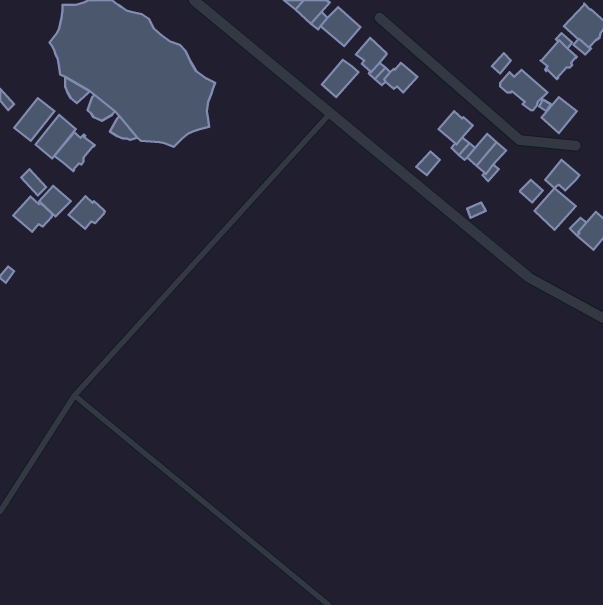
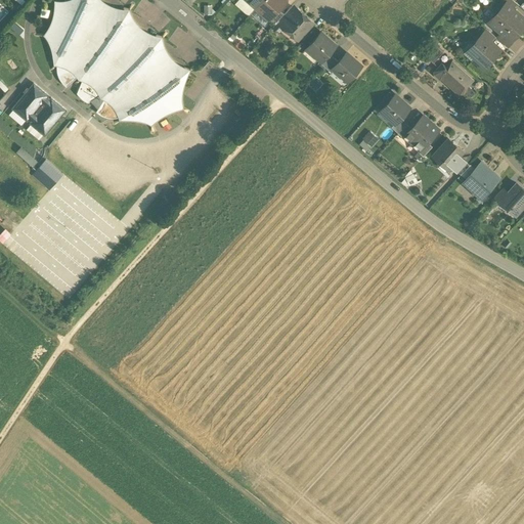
building: [322,60,358,97] -> none
building: [542,97,577,133] -> none
building: [54,132,95,171] -> none
building: [545,160,579,191] -> [434,138,464,165]
building: [68,196,105,229] -> none
building: [13,197,53,232] -> none

